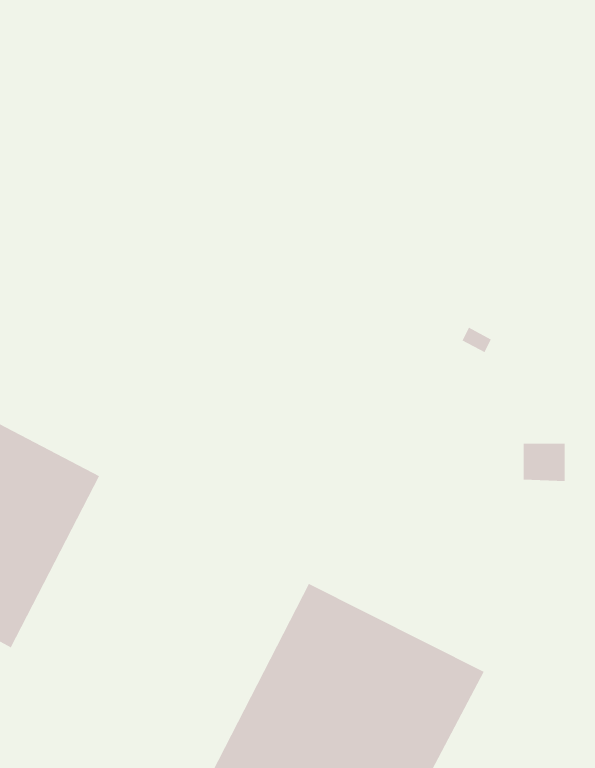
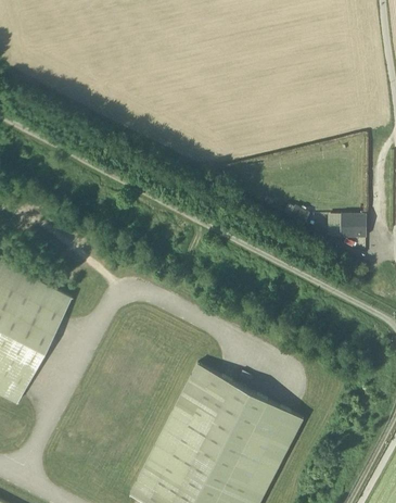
building: [523,443,566,482] -> [338,216,365,240]

